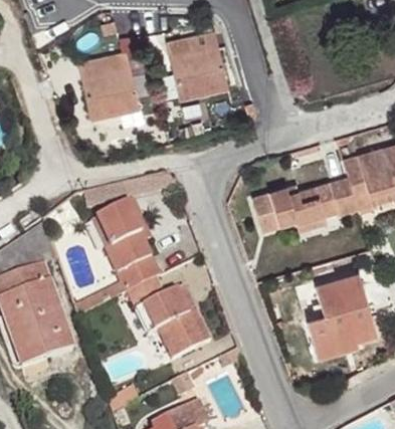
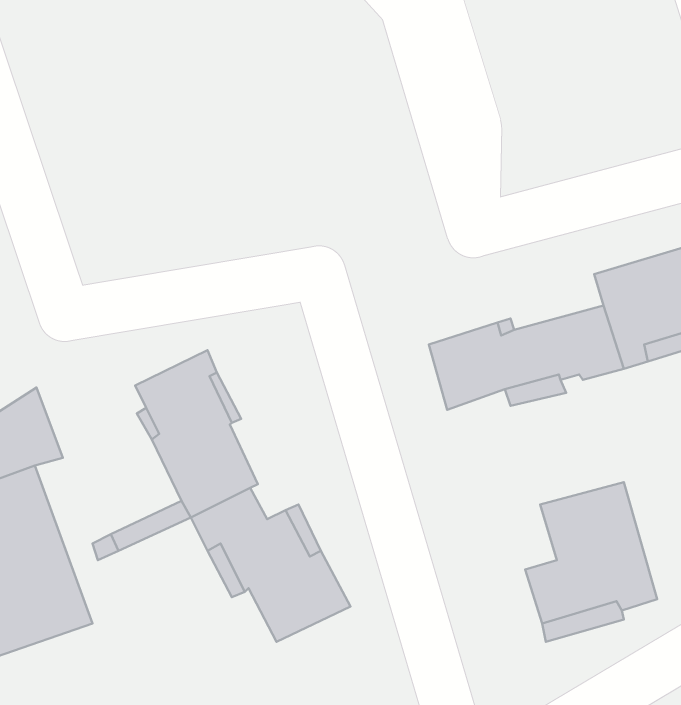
building: [168,34,229,100] -> none
building: [79,53,141,118] -> none

